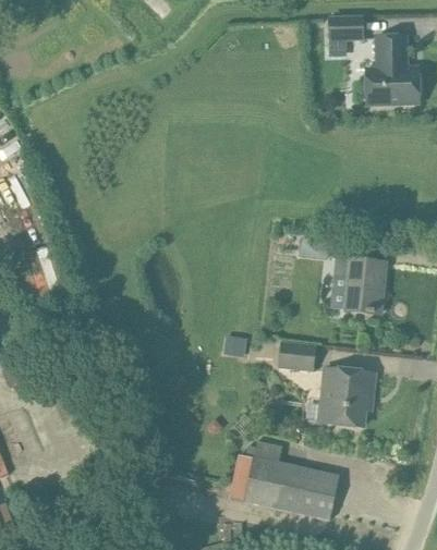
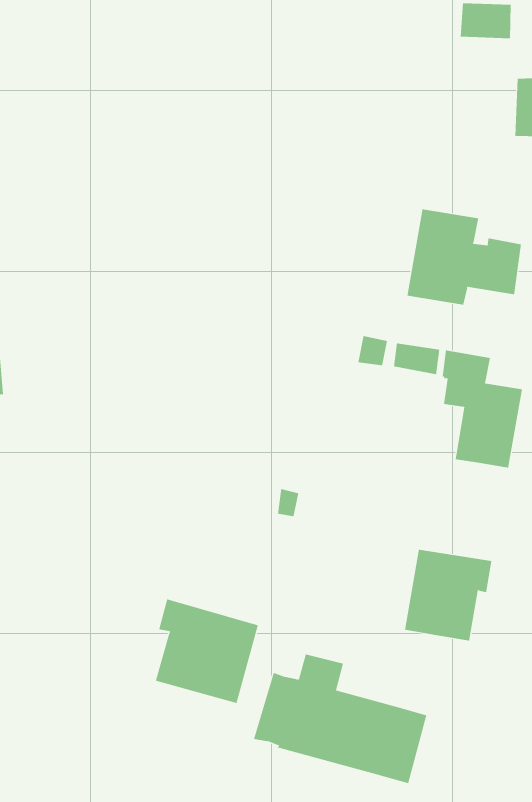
building: none -> [407,208,521,306]
building: [279,343,314,369] -> none
building: none -> [155,599,258,704]

